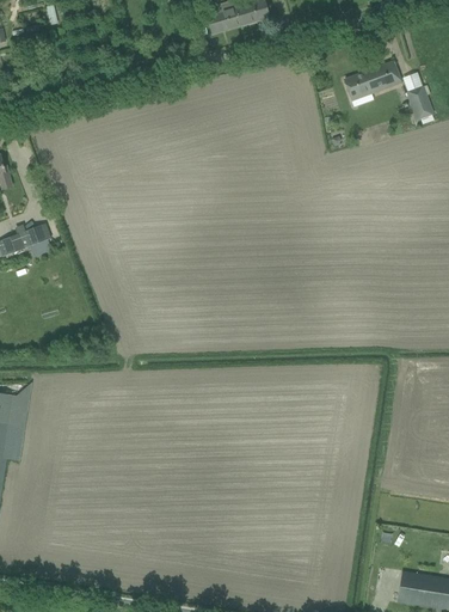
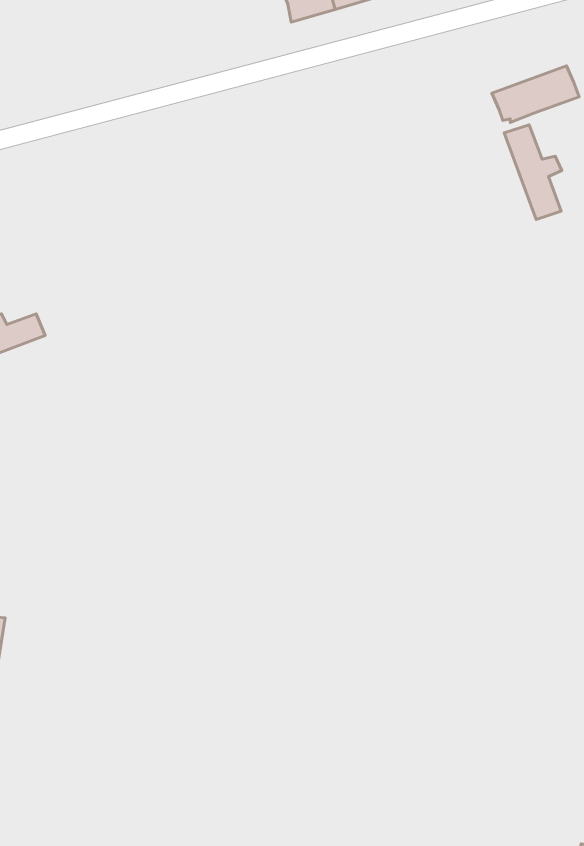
building: none -> [504,125,562,219]

